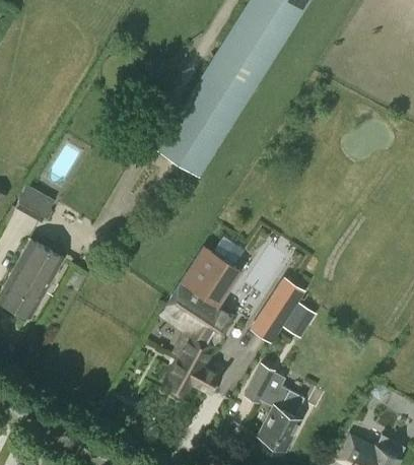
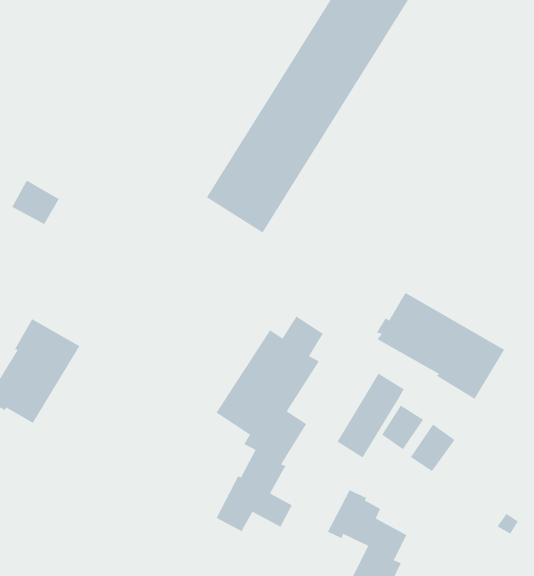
building: [15,187,51,220] -> [11,179,60,225]
building: none -> [376,292,505,400]
building: none -> [410,423,456,472]

